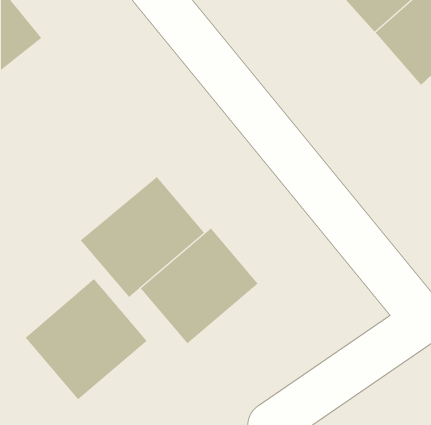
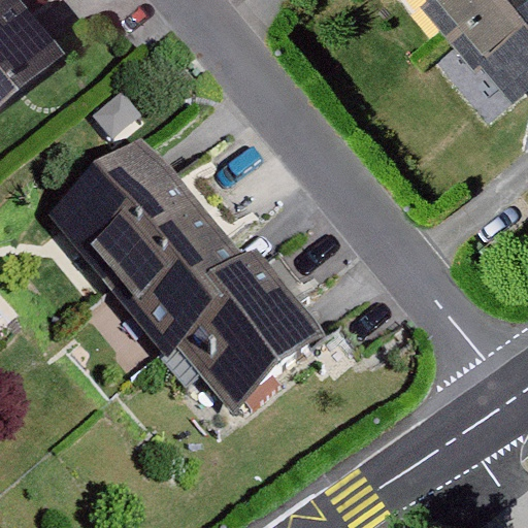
building: none -> [51,146,198,289]
building: [25,278,147,400] -> none

